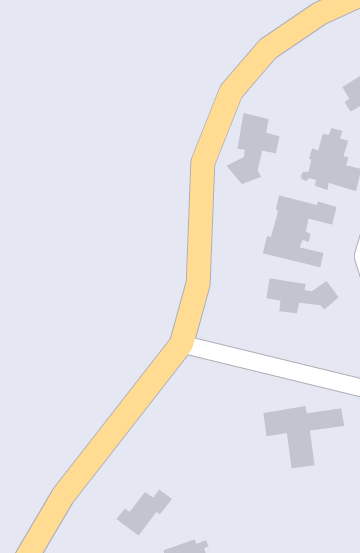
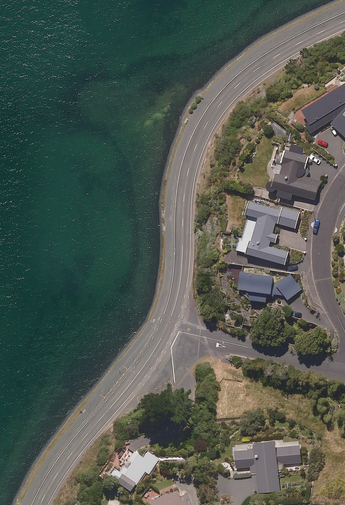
building: [225,112,280,185] -> none
building: [262,405,345,469] -> [232,443,302,497]

